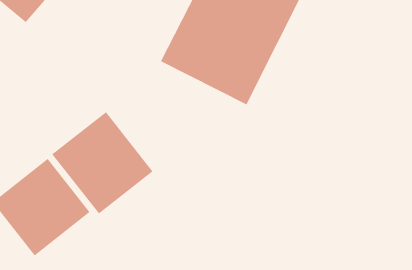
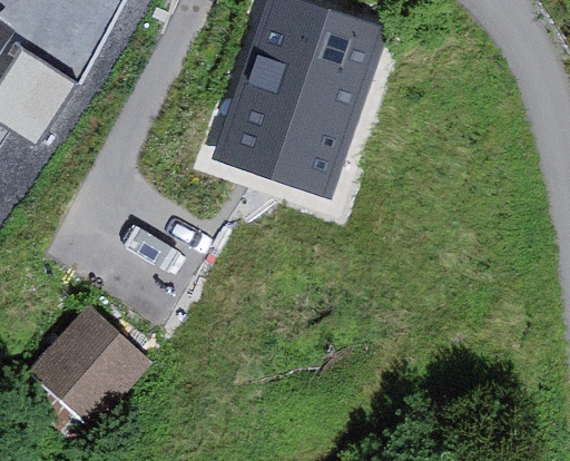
building: [51,111,154,214] -> none

